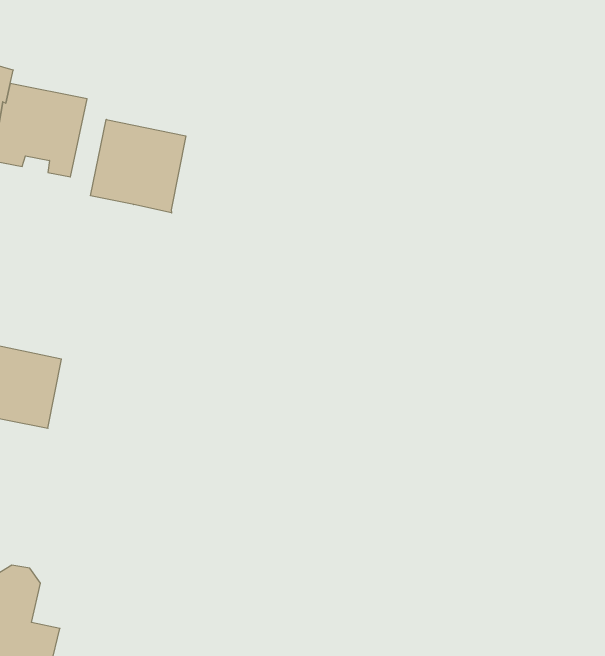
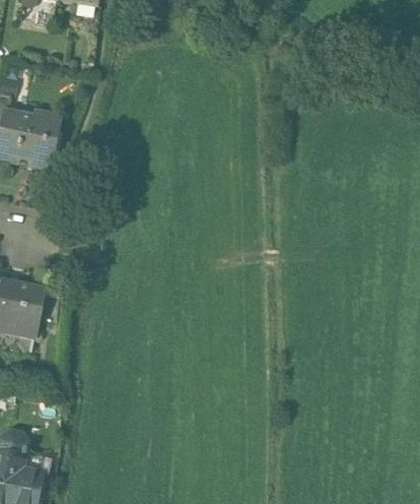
building: [91,119,186,213] -> none

